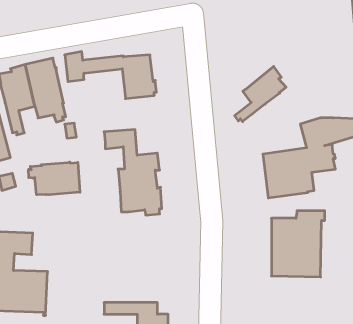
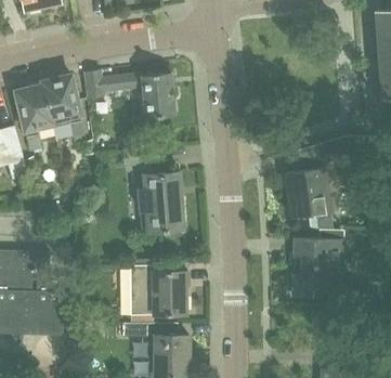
building: [235,66,286,122] -> none
building: [29,162,80,195] -> none
building: none -> [129,265,186,316]

